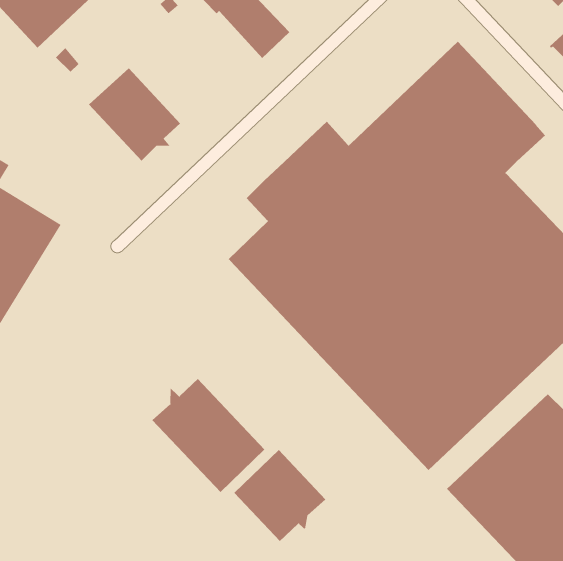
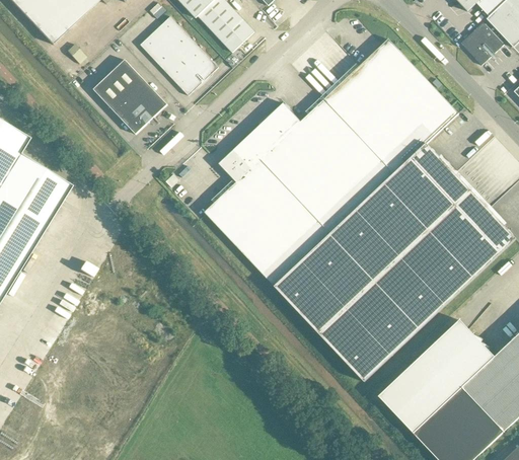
building: none -> [140,15,218,94]
building: [152,378,265,493] -> none
building: [234,449,326,542] -> none

